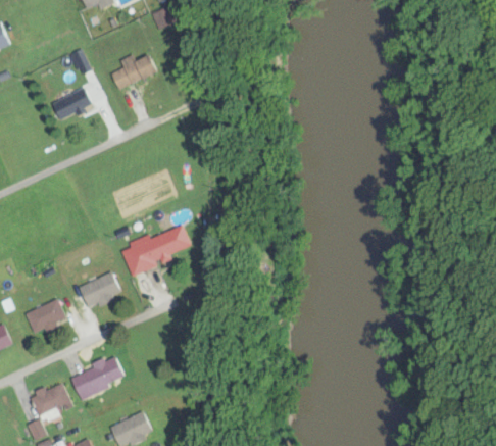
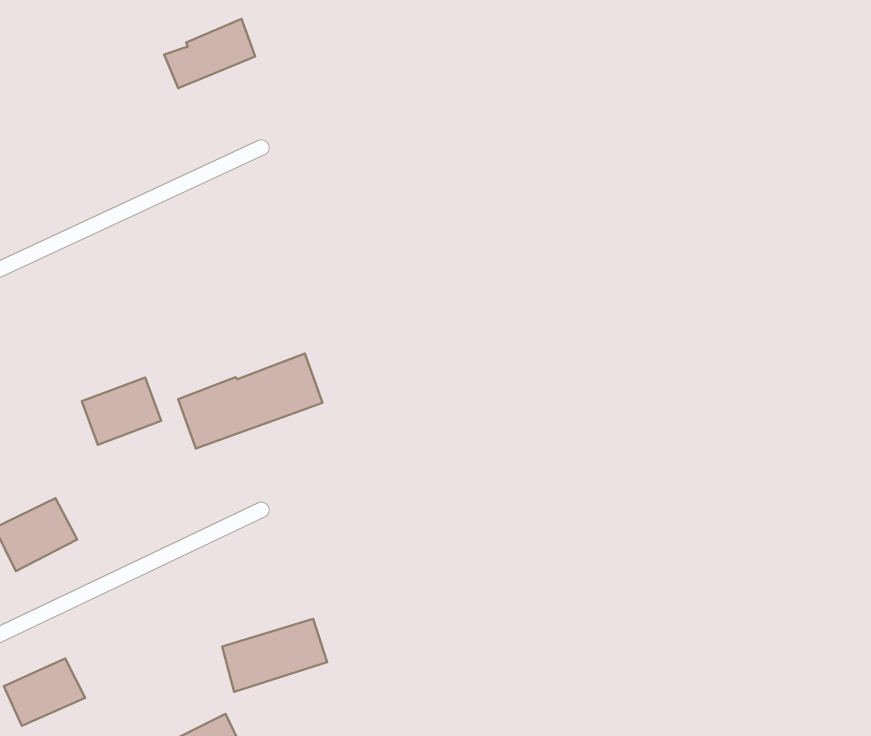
building: [51,87,93,119] -> none
building: [80,272,120,307] -> [82,377,161,445]
building: [70,358,125,396] -> [222,619,327,692]

